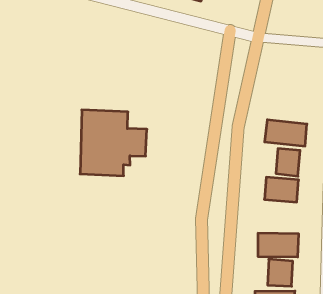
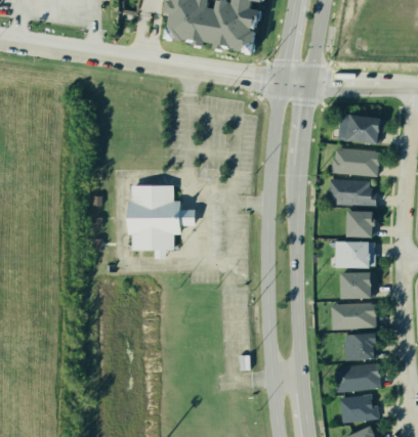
building: none -> [345,116,379,145]
building: none -> [335,147,380,175]
building: none -> [339,272,370,298]

